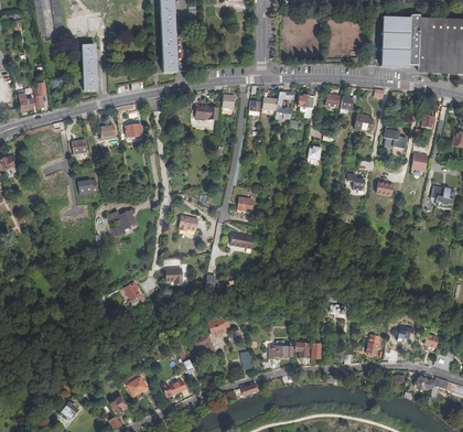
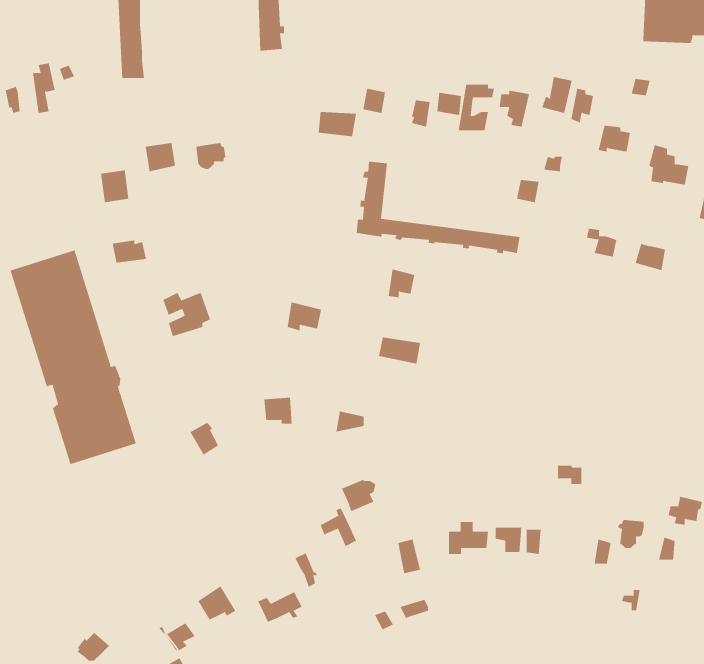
building: none -> [356,161,520,254]
building: none -> [10,250,136,465]

